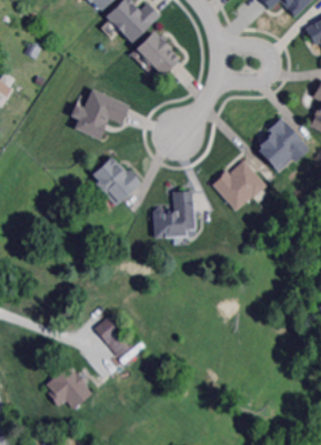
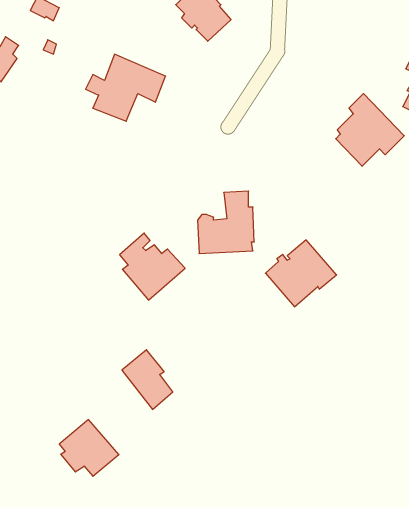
building: [92,156,142,208] -> [120,233,185,300]
building: [212,160,267,211] -> [265,240,337,307]

